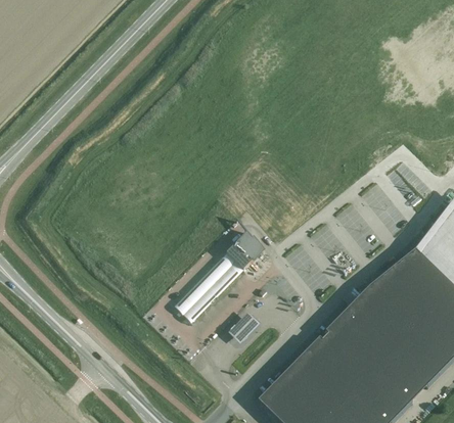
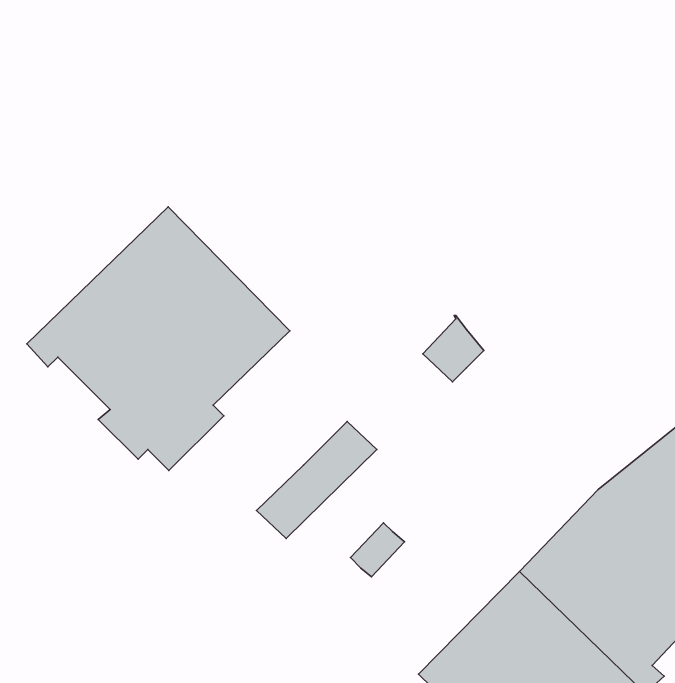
building: none -> [27,207,290,471]
building: [222,231,258,270] -> [423,315,484,382]

